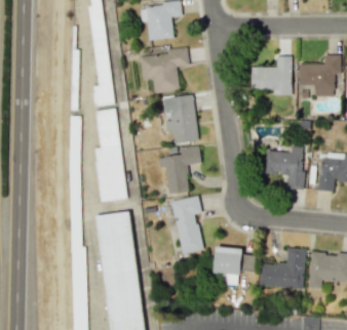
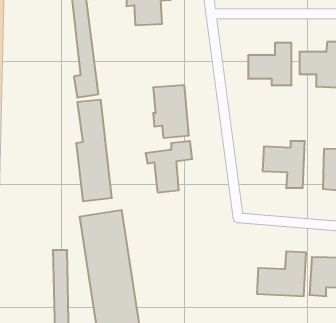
building: [140,47,189,93] -> none
building: [171,196,202,253] -> none
building: [214,247,254,286] -> none

